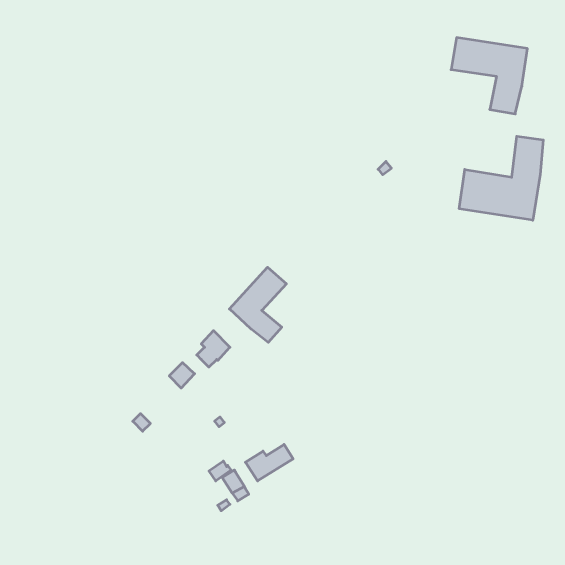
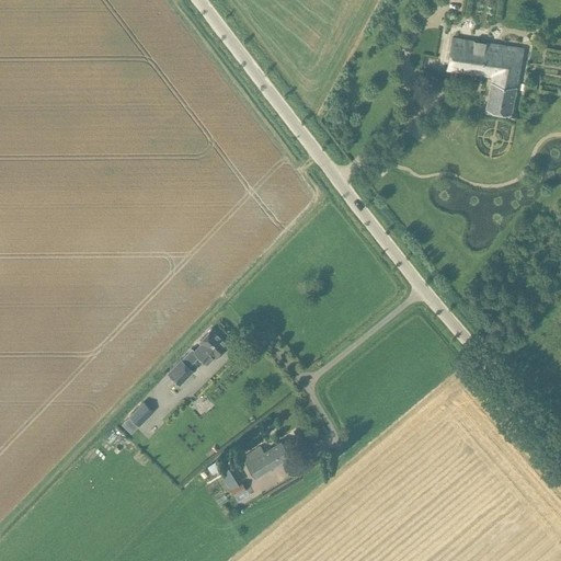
building: [459,136,543,220] -> none
building: [229,267,286,342] -> none

